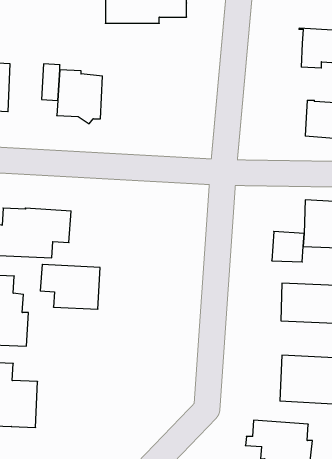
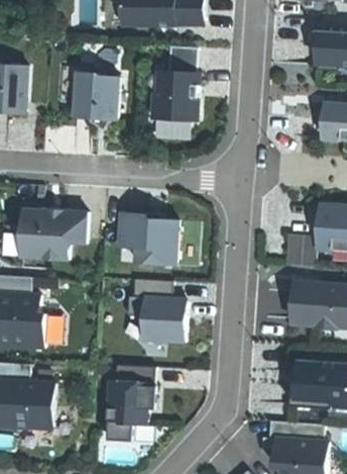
building: none -> [149,46,197,121]
building: [40,264,100,309] -> [120,216,180,261]
building: none -> [145,302,189,341]
building: none -> [110,380,155,439]

